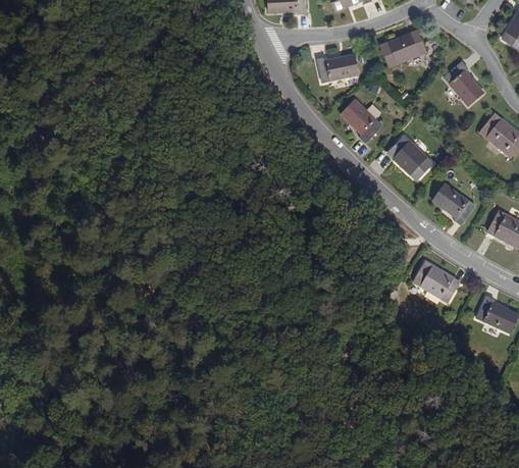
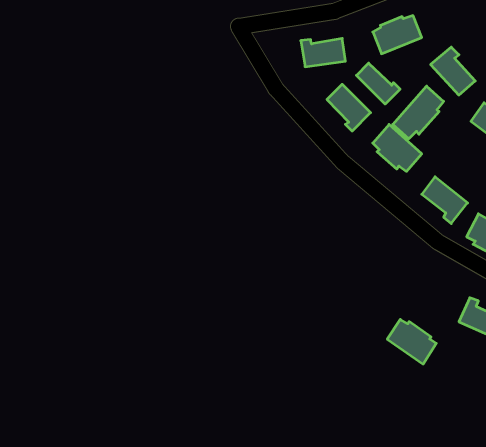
building: none -> [356,63,400,104]
building: none -> [393,86,444,139]
building: [407,260,453,302] -> [387,319,436,364]

